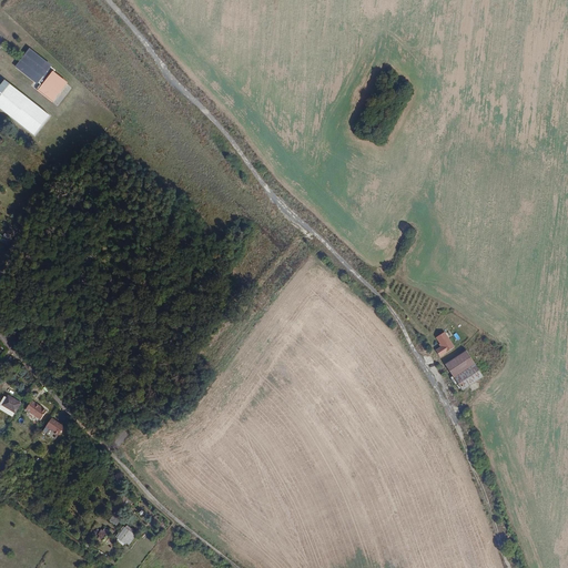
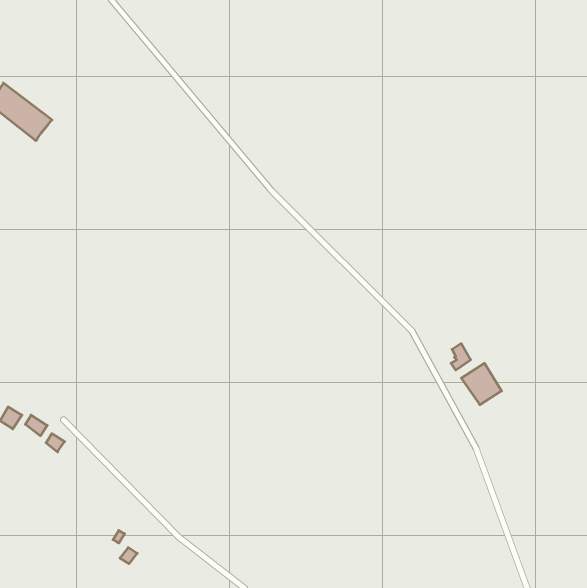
building: [20,49,68,101] -> none

